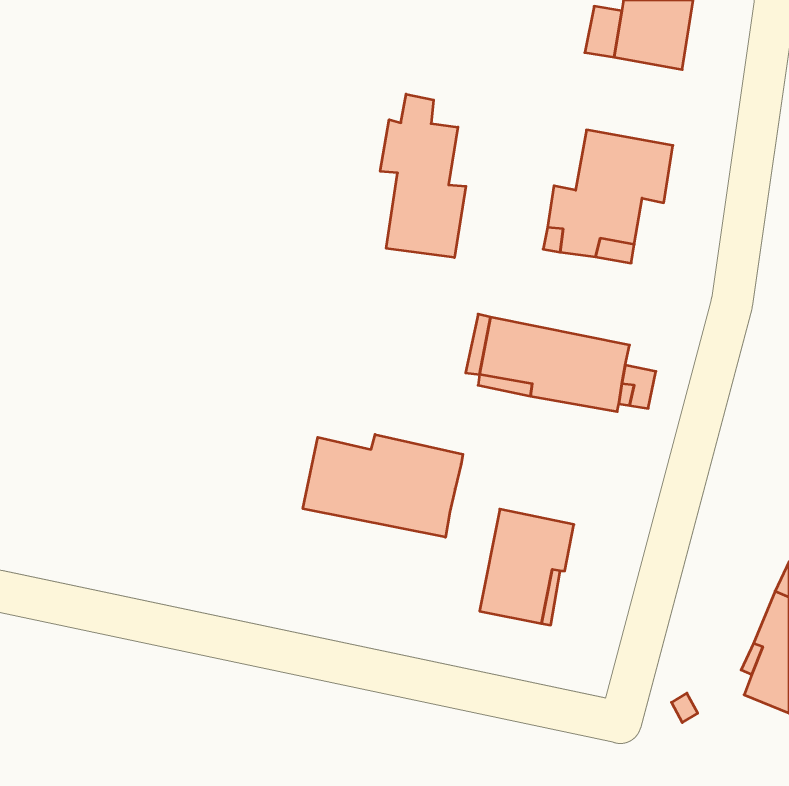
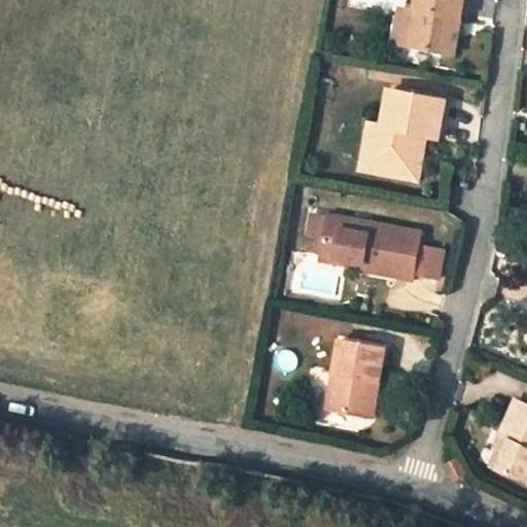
building: [380,94,466,258] -> none
building: [303,434,463,537] -> none

